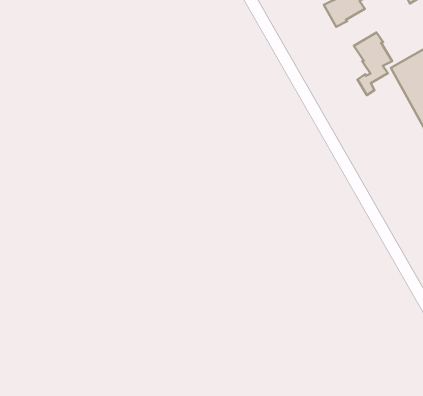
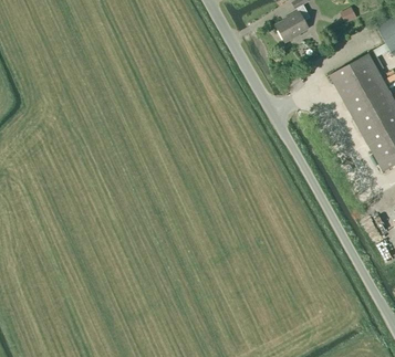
building: [354,32,392,95] -> none

